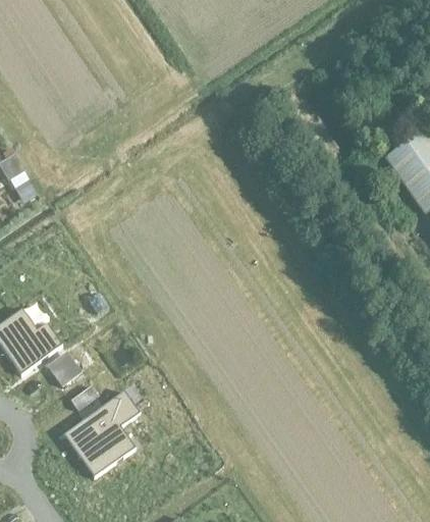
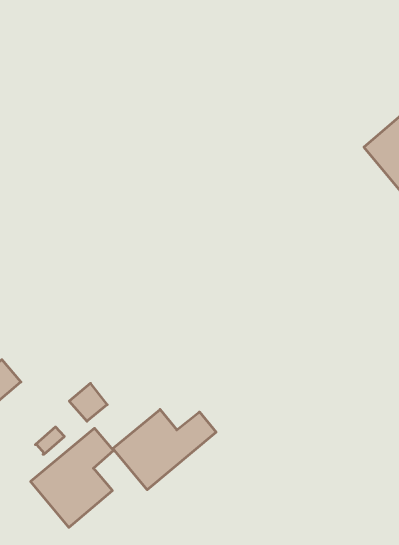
building: [46,350,79,383] -> [69,383,107,421]
building: none -> [113,409,216,490]

